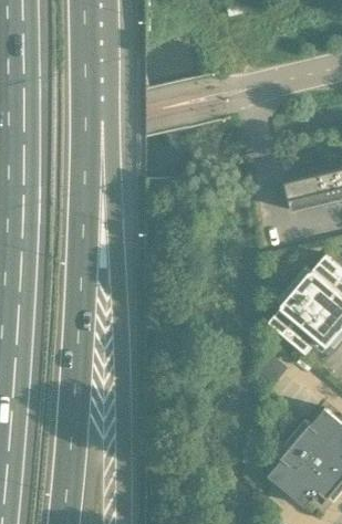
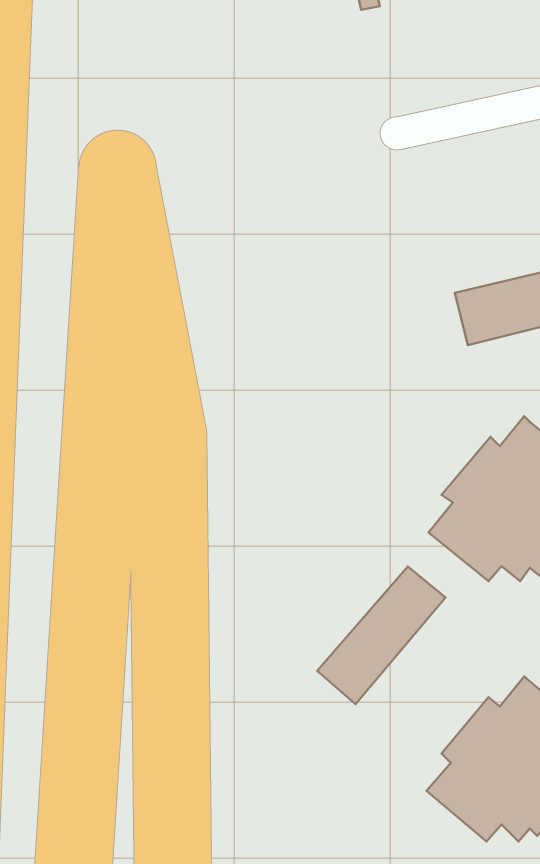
building: none -> [317,566,446,704]

